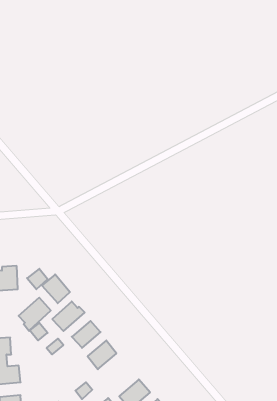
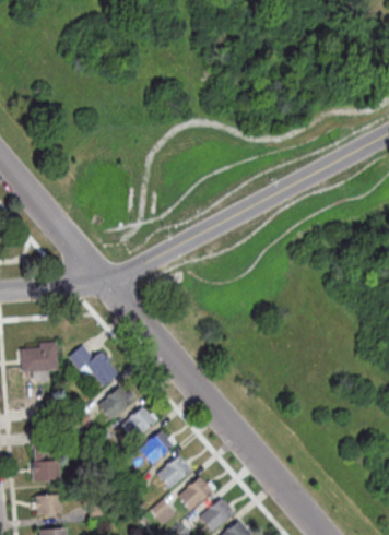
building: [19,298,51,331] -> none
building: none -> [157,455,191,489]

